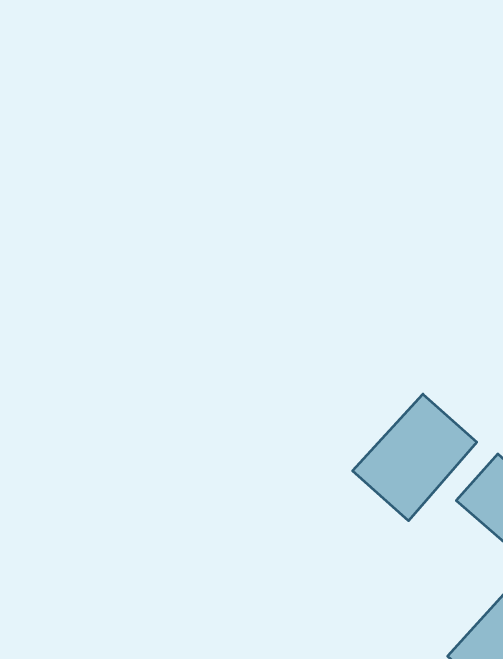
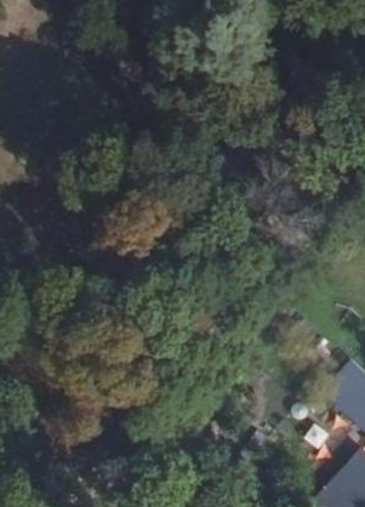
building: [353,394,477,521] -> none

